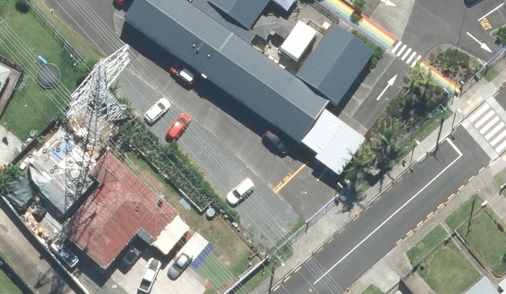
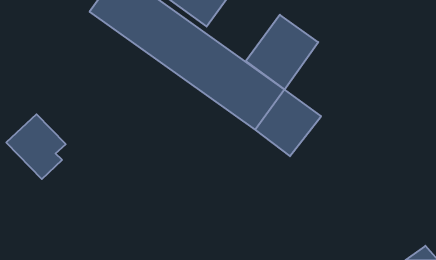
building: [63,150,183,267] -> none

